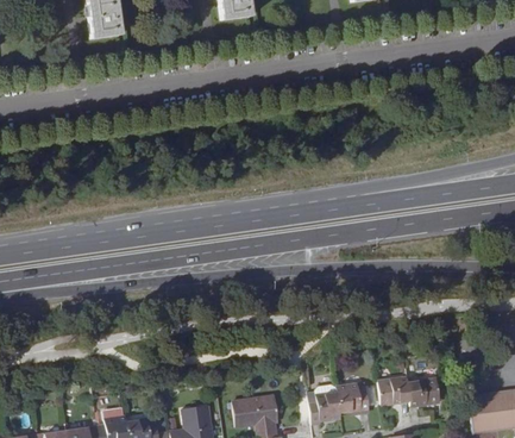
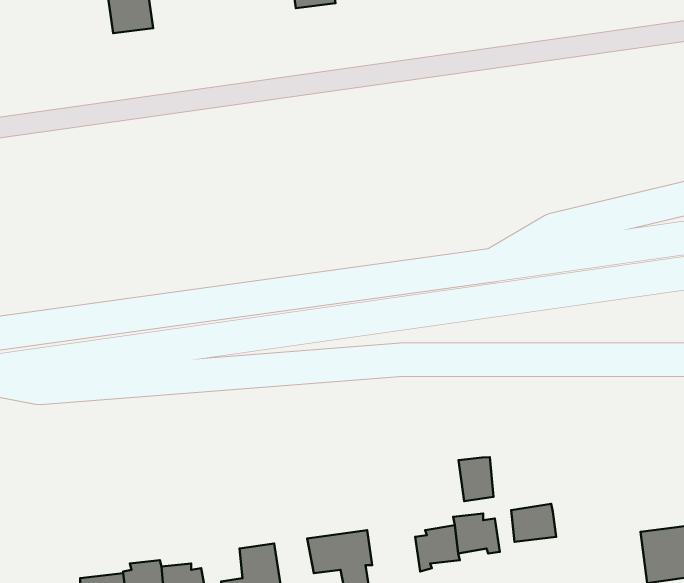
building: none -> [459,457,494,501]
building: [410,376,442,403] -> none

